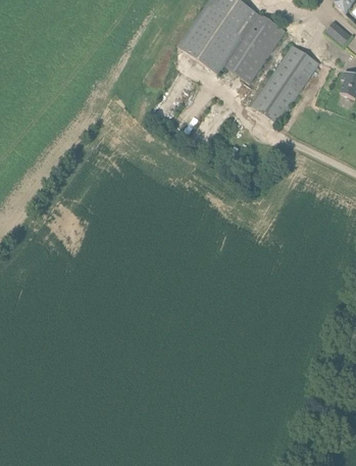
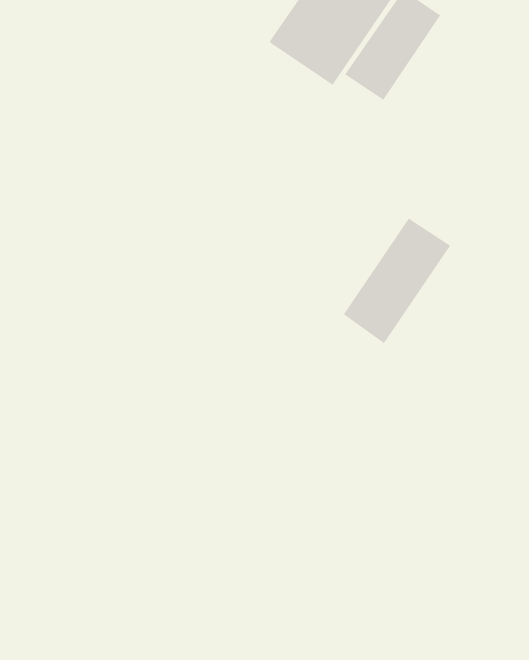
building: [252,44,319,123] -> [343,218,451,344]

